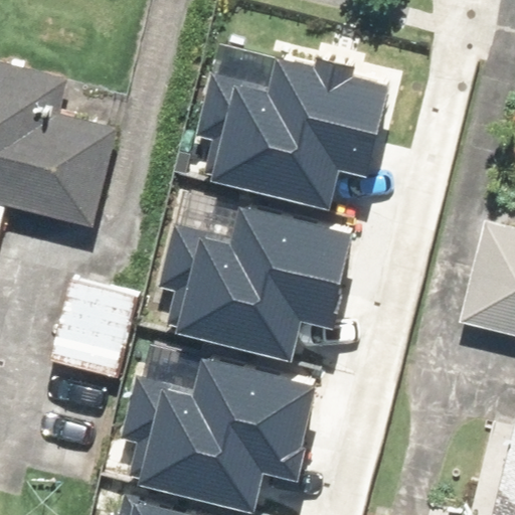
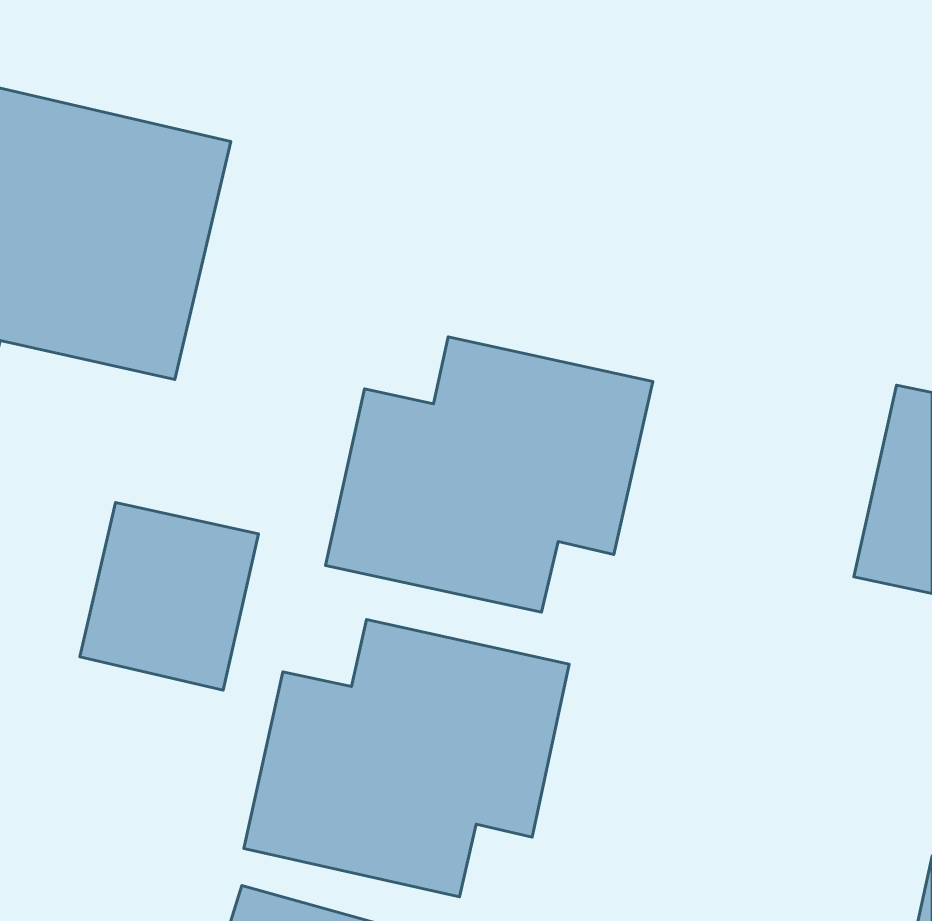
building: [209,45,386,194] -> none

